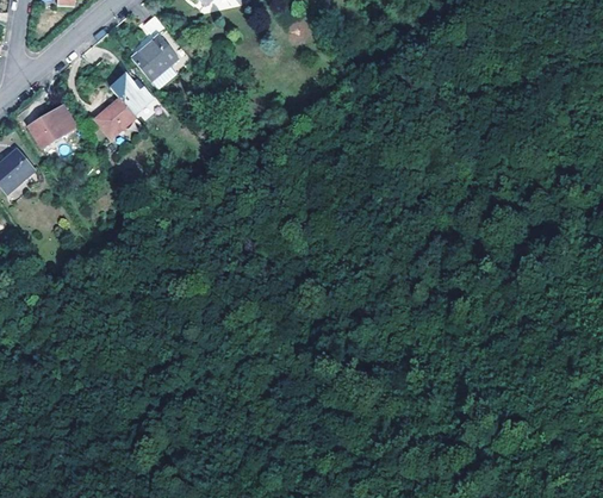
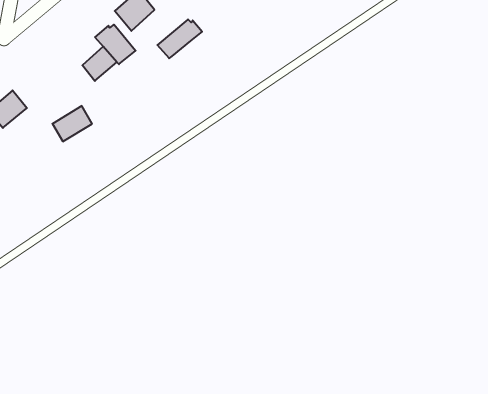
building: none -> [157,19,202,58]
building: [29,106,74,147] -> [52,106,92,141]

